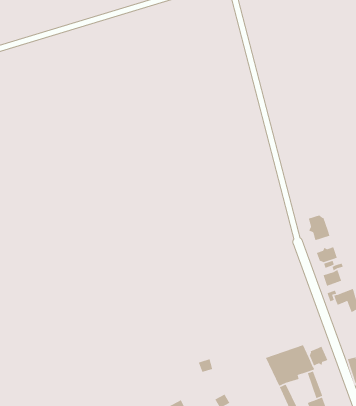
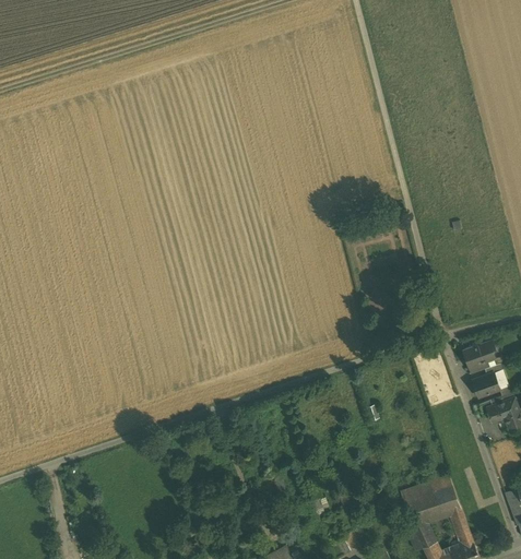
building: [308,214,331,241] -> none
building: [309,346,328,366] -> none

